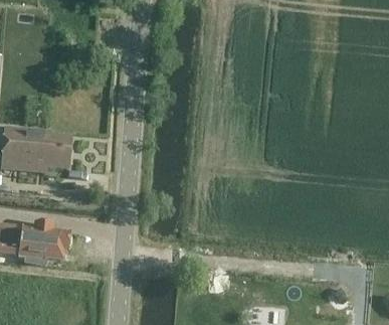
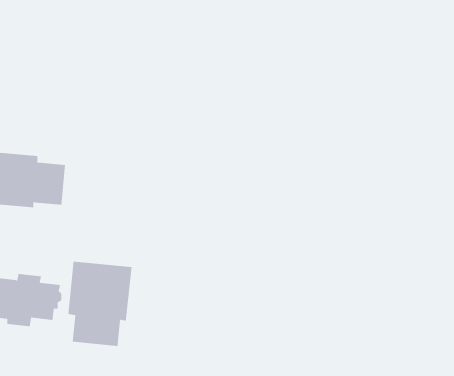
building: none -> [68,261,132,347]

